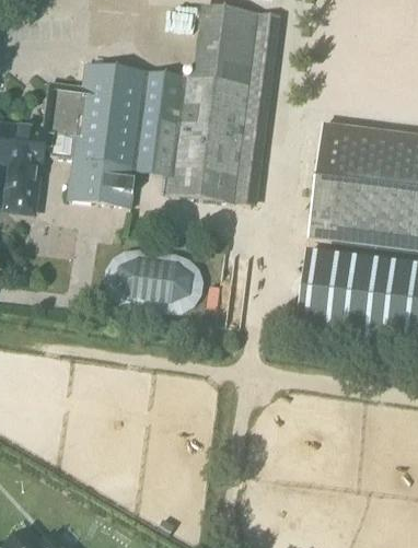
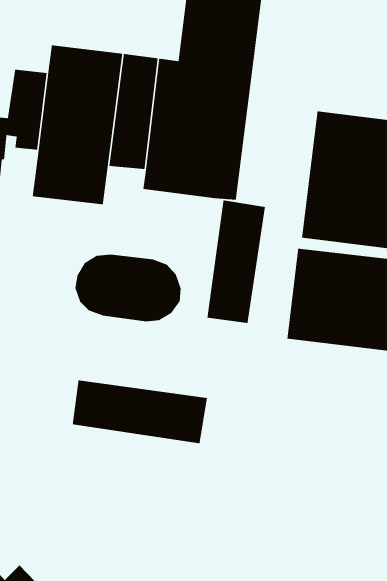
building: none -> [206,200,266,324]
building: none -> [72,379,208,444]

